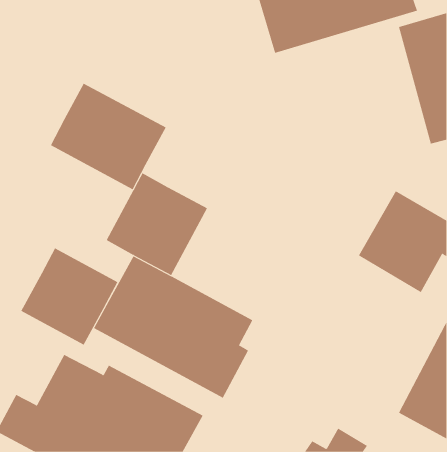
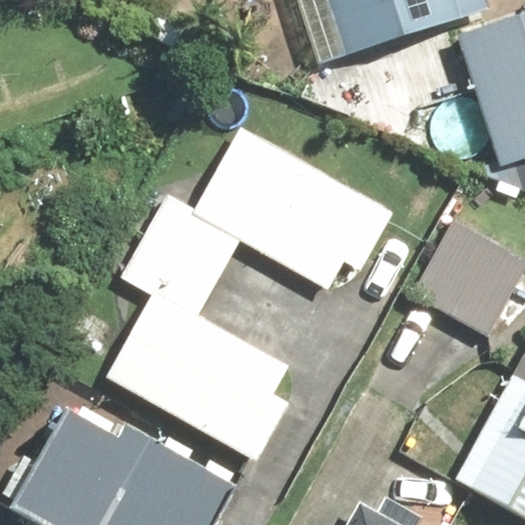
building: [50,83,166,190] -> none
building: none -> [194,130,393,287]
building: [21,247,118,346] -> none

